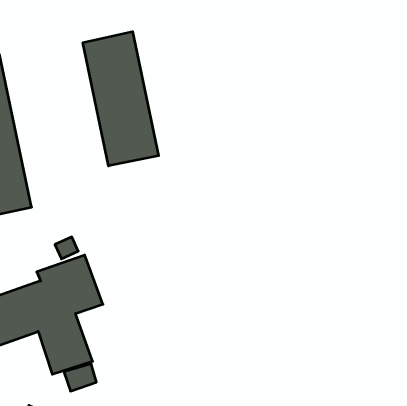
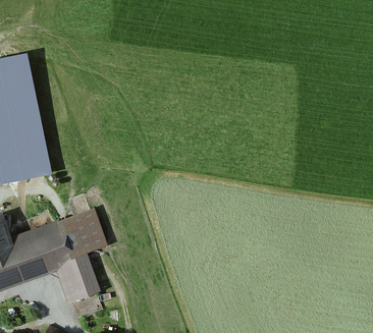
building: [83,32,159,166] -> none

